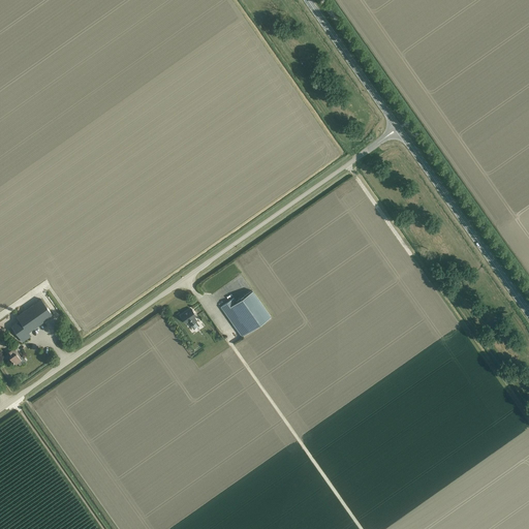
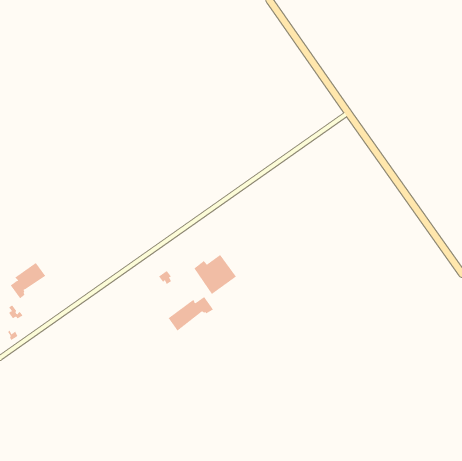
building: none -> [168,296,214,331]

